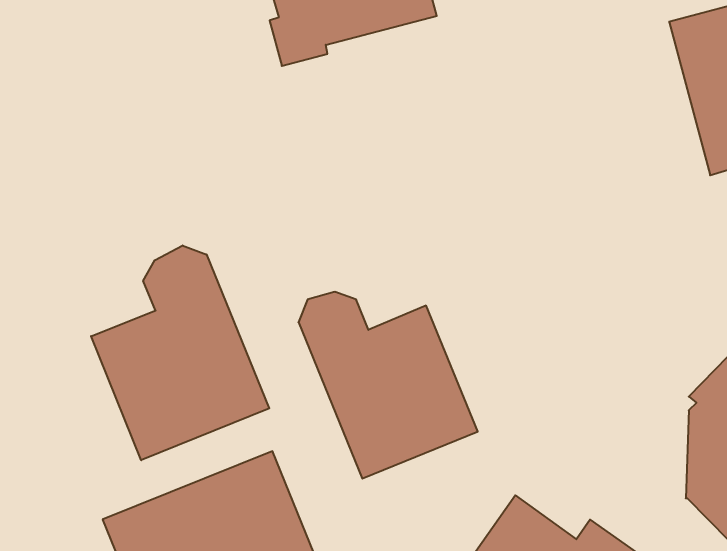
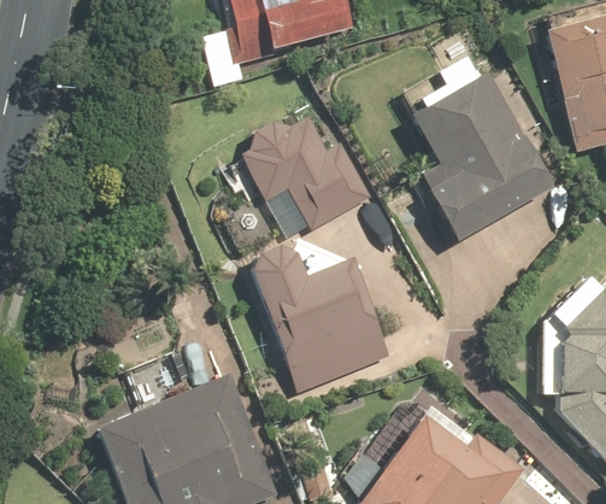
building: none -> [408,71,552,245]
building: none -> [243,117,376,230]
building: [91,245,269,460] -> none

